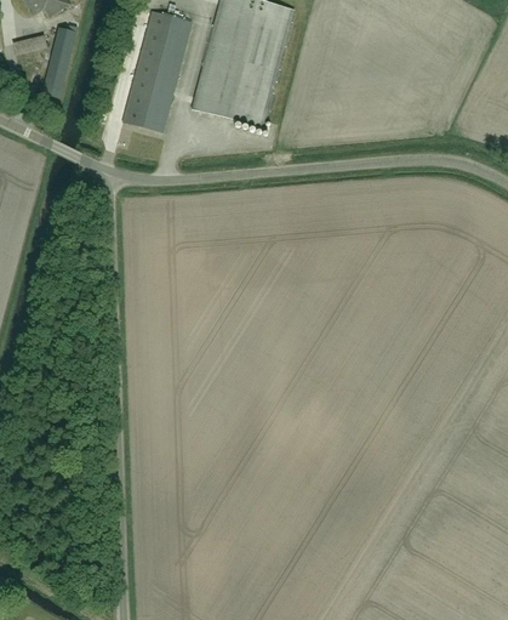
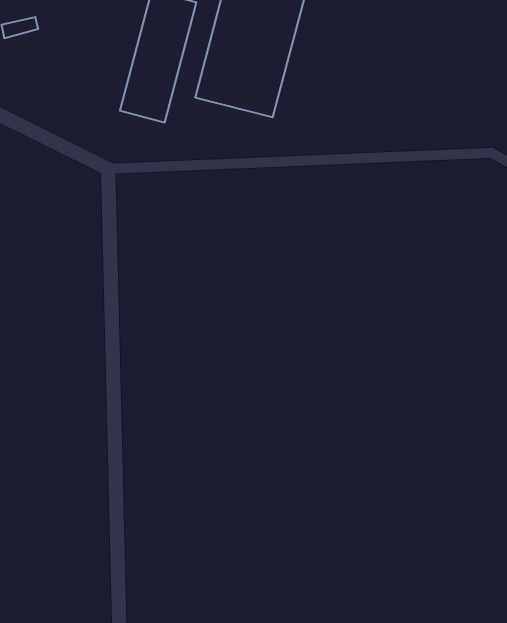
building: [42,25,76,97] -> none

